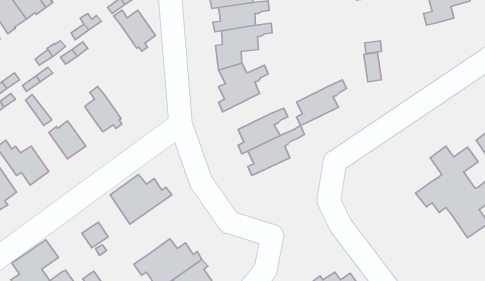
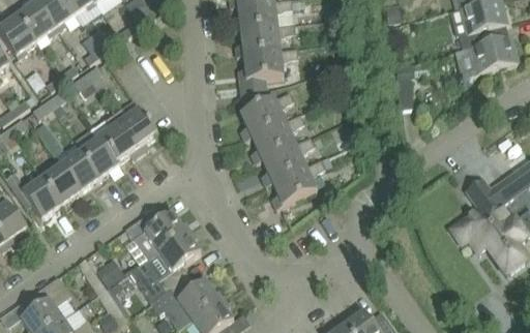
building: [113,10,155,51] -> [113,108,157,151]
building: none -> [454,35,519,79]
building: [297,80,346,126] -> [252,114,304,162]
building: none -> [81,134,119,177]
building: none -> [42,162,81,204]
building: none -> [129,229,201,302]

